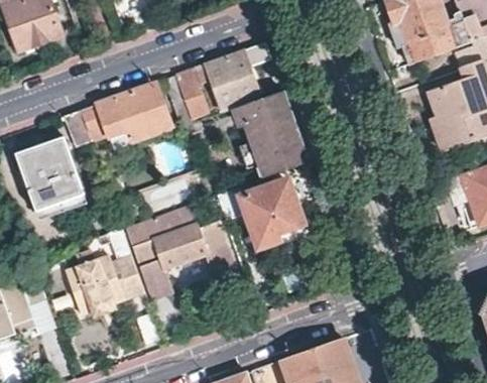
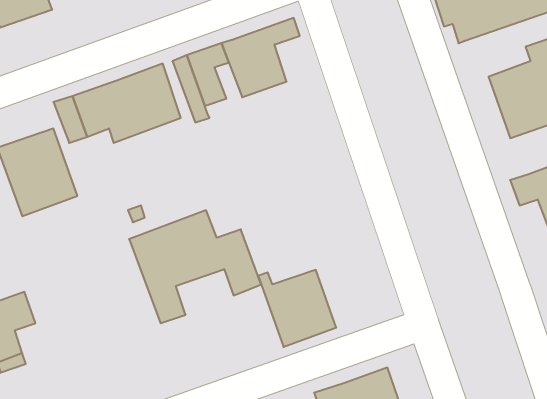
building: [226,91,308,179] -> none
building: [238,181,303,246] -> [258,270,336,347]
building: [65,256,145,324] -> none

